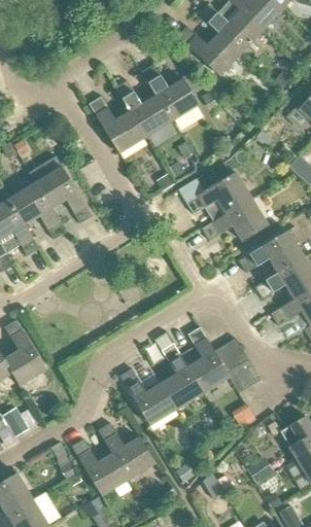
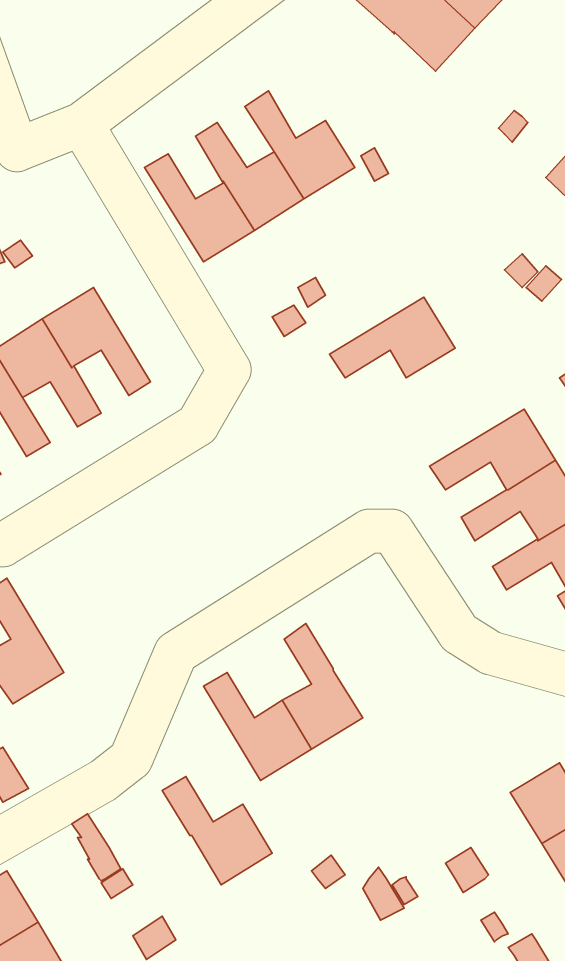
building: [177,26,241,75] -> none
building: [202,198,268,240] -> none
building: [187,326,261,392] -> none
building: [71,437,129,494] -> none

